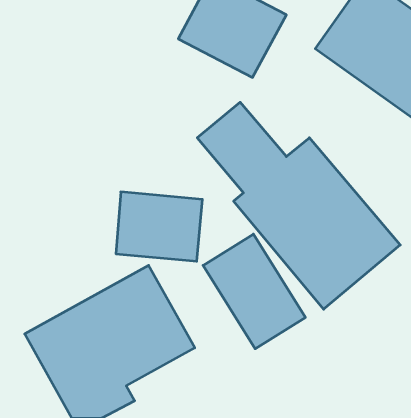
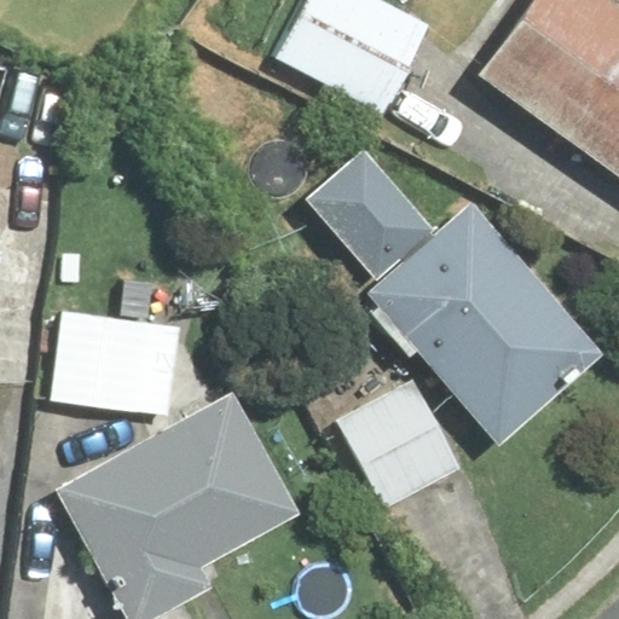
building: [116,192,202,261] -> [54,313,181,415]

